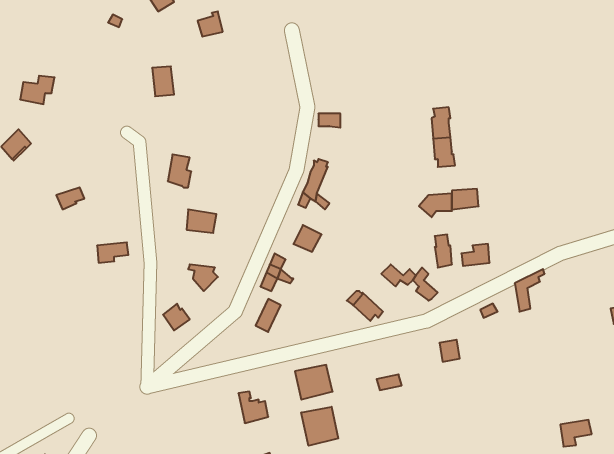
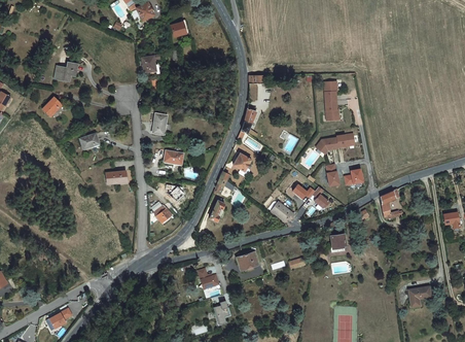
building: [301,407,338,446] -> none

